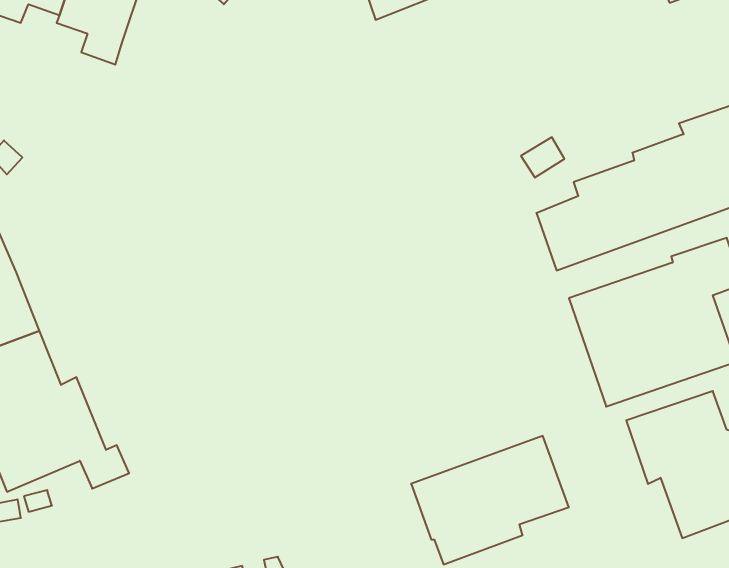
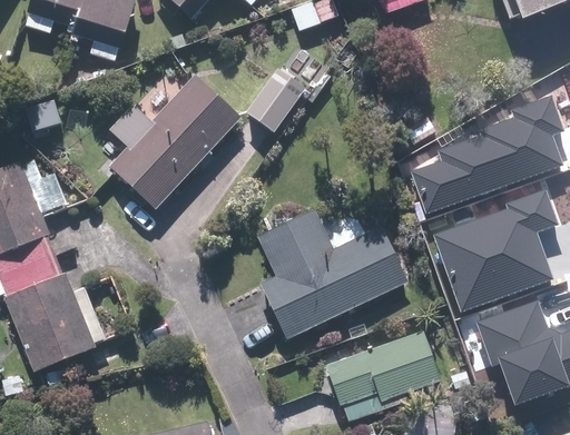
building: none -> [245,70,304,132]
building: none -> [109,75,240,208]
building: none -> [257,209,407,338]

